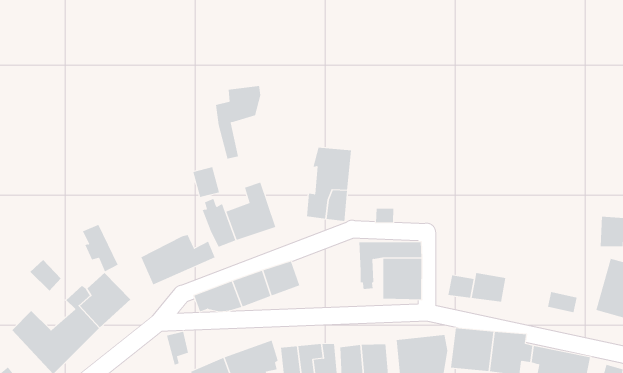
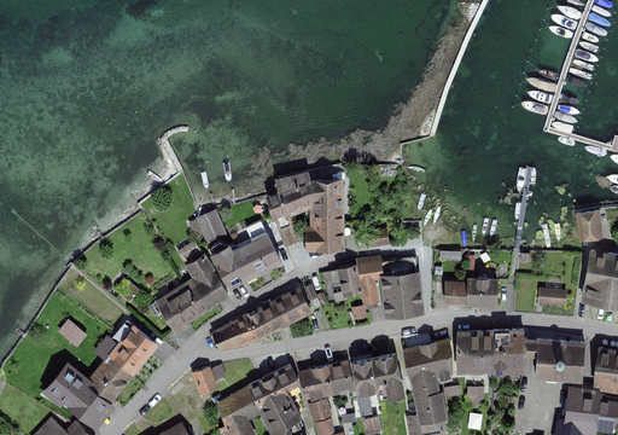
building: [215,86,261,159] -> [268,174,309,245]
building: [82,224,119,272] -> [182,246,220,290]
building: none -> [325,265,362,301]

